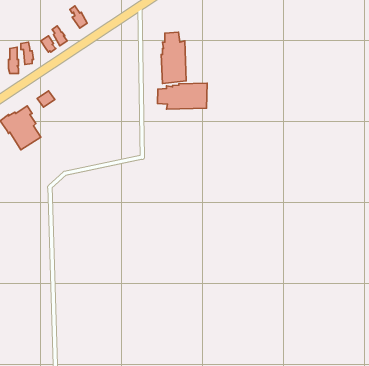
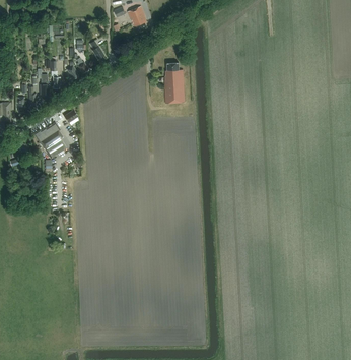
building: [157,83,207,109] -> none

